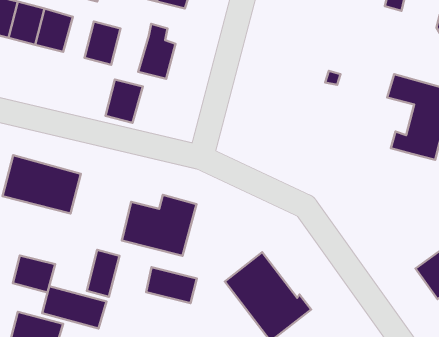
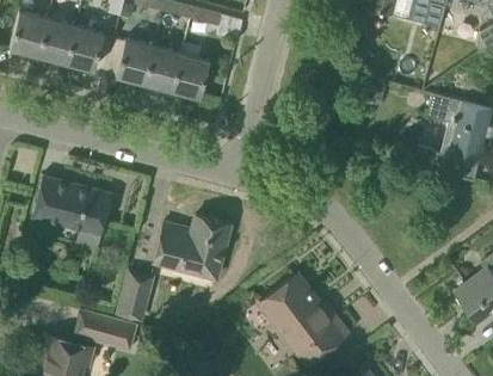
building: [106,79,143,123] -> [143,47,181,91]
building: [13,255,55,293] -> none
building: [146,267,197,303] -> none

